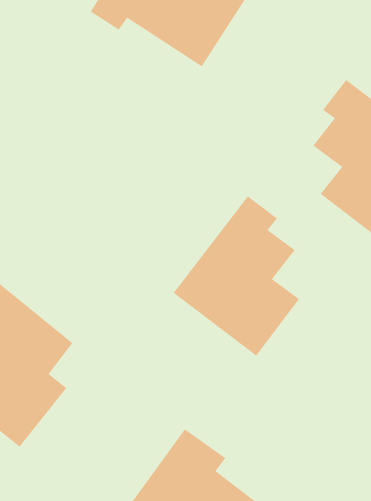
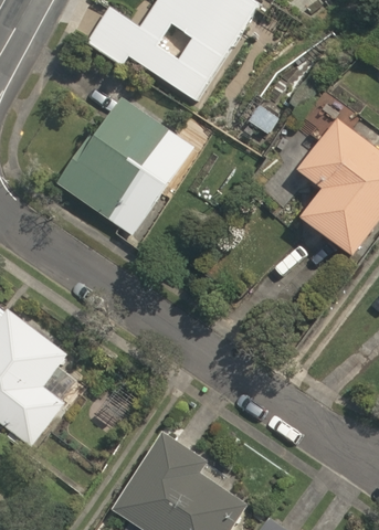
building: none -> [59,84,191,227]
building: [173,195,300,357] -> none

